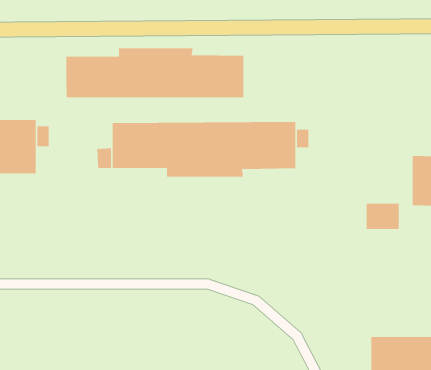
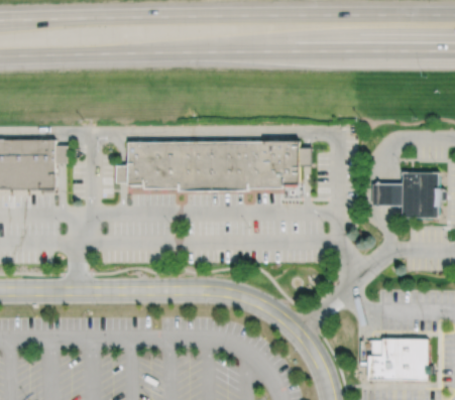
building: [66,48,244,98] -> none
building: [366,203,400,229] -> [373,183,405,208]

